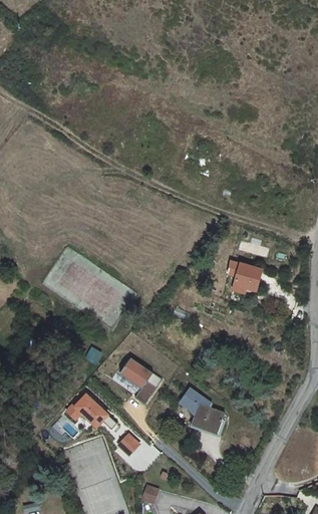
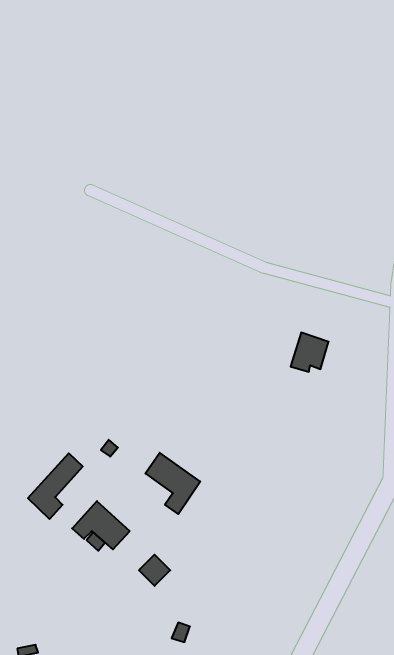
building: none -> [28,453,83,519]
building: [180,388,225,432] -> none

